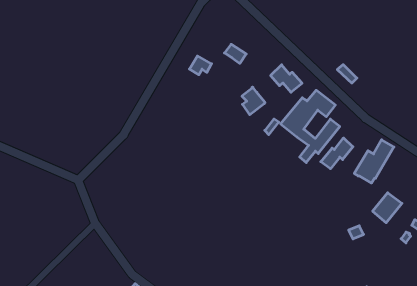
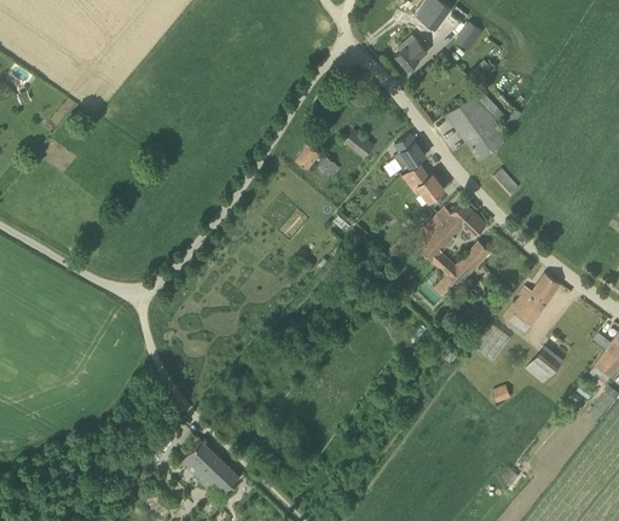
building: none -> [446,95,508,161]
building: [242,87,265,115] -> [395,134,426,170]
building: [321,138,353,169] -> none

